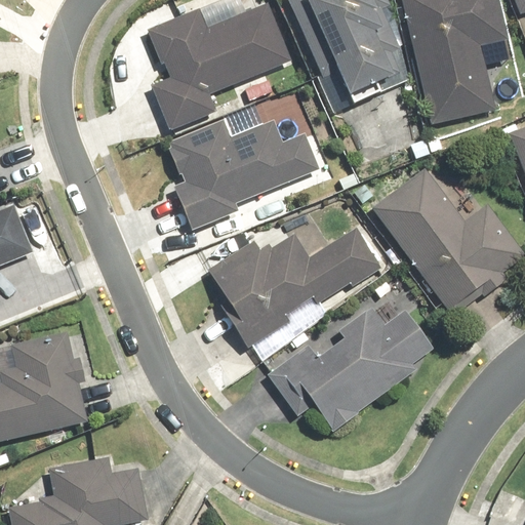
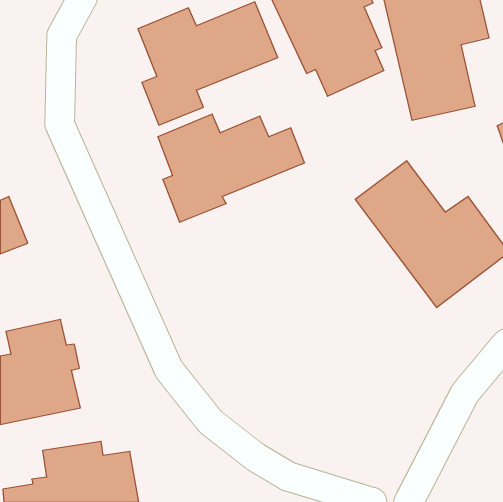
building: [202,228,381,350] -> none
building: [266,305,435,434] -> none

